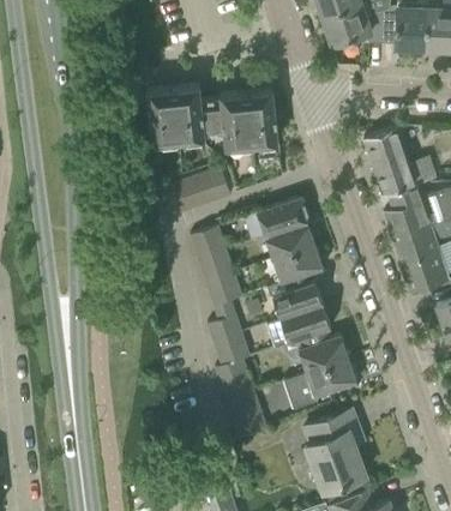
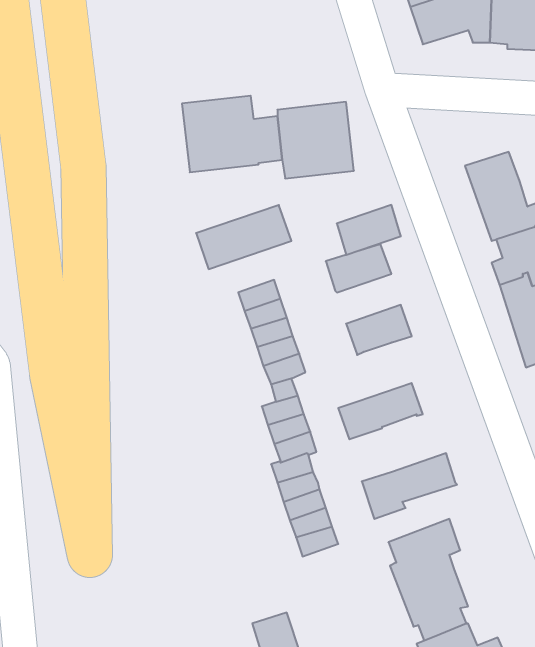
building: [264,222,313,260] -> [337,205,401,255]
building: [269,275,321,320] -> none
building: [297,330,348,374] -> none

